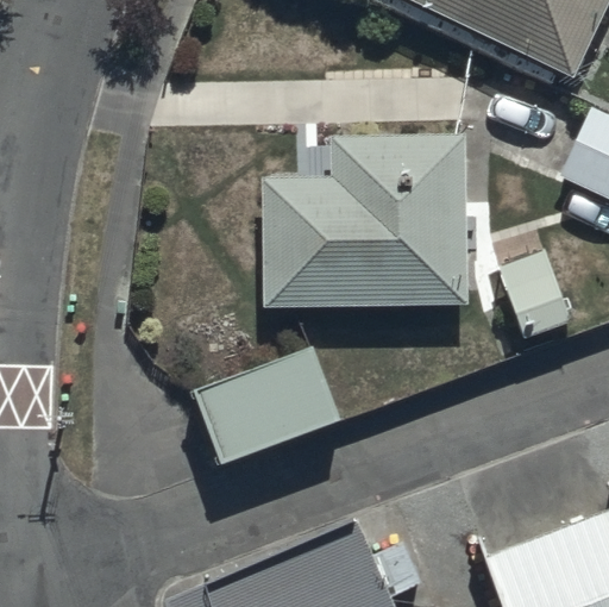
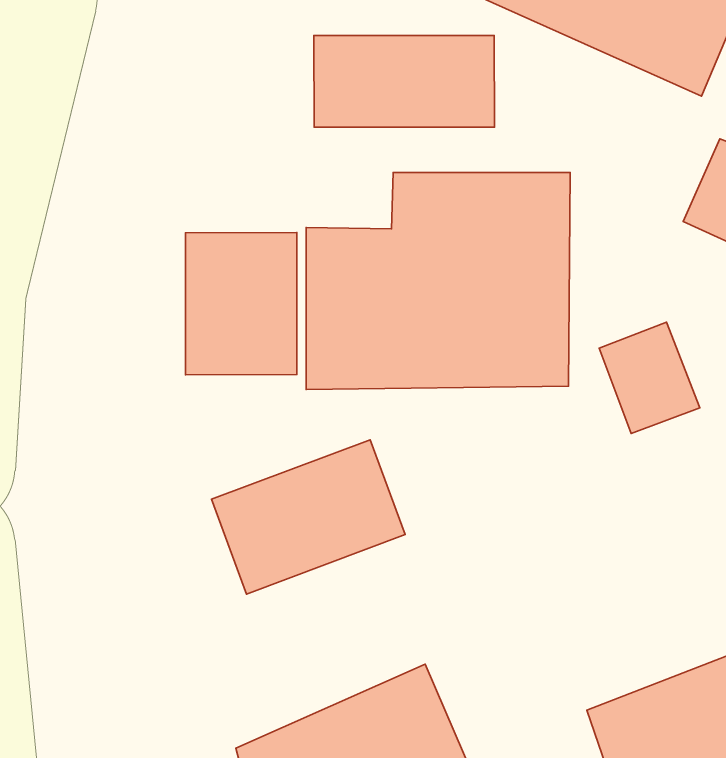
building: none -> [314,36,494,127]
building: none -> [185,232,297,375]

